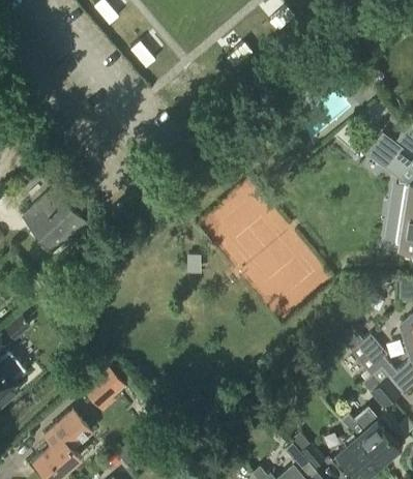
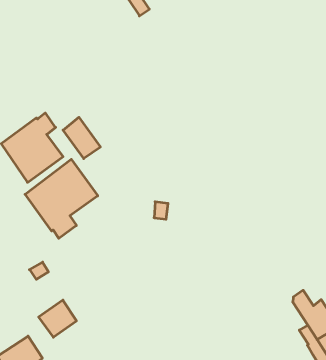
building: none -> [63,117,100,159]
building: none -> [25,159,98,238]

